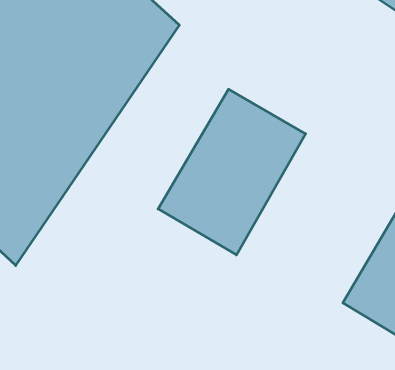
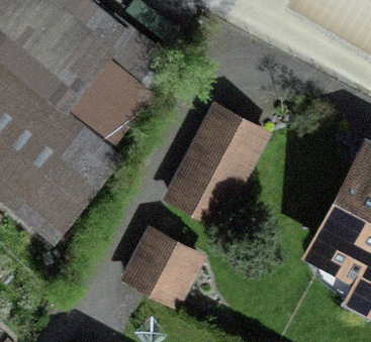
building: none -> [118,226,205,309]

